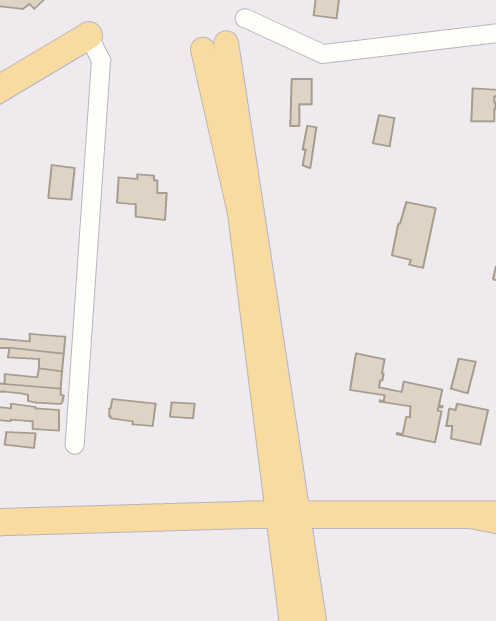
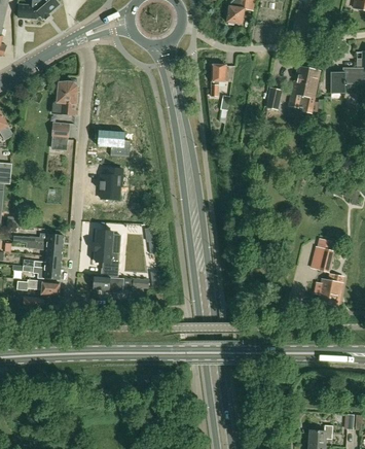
building: none -> [51,81,79,115]
building: [392,202,436,268] -> [289,67,318,110]
building: none -> [99,168,121,200]
building: none -> [94,231,118,277]
building: [350,353,443,442] -> none

